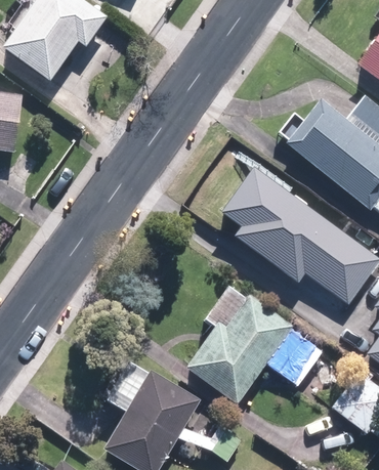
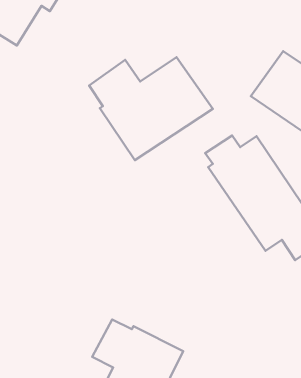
building: none -> [89,57,213,160]
building: [186,285,305,404] -> none

